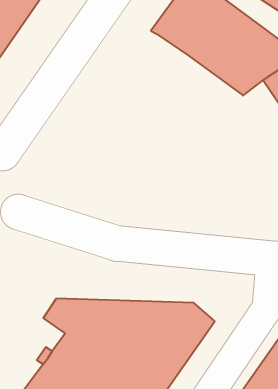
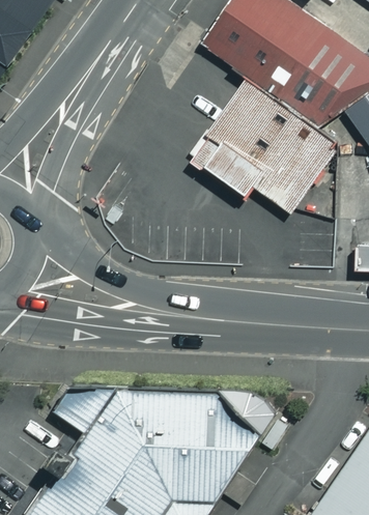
building: none -> [188,75,343,226]

